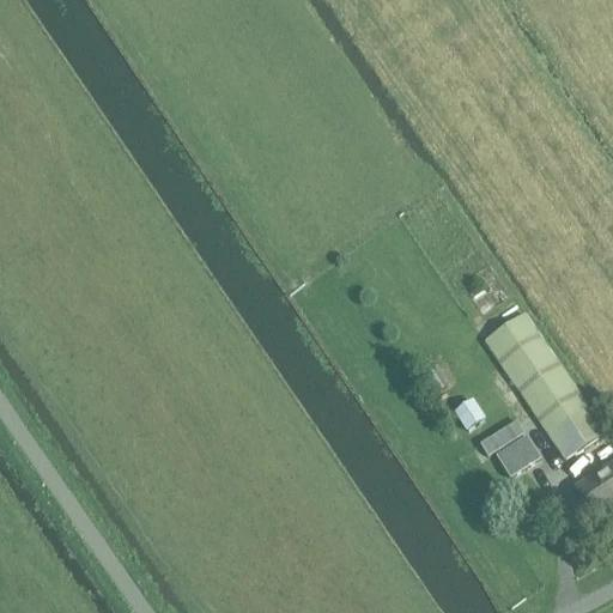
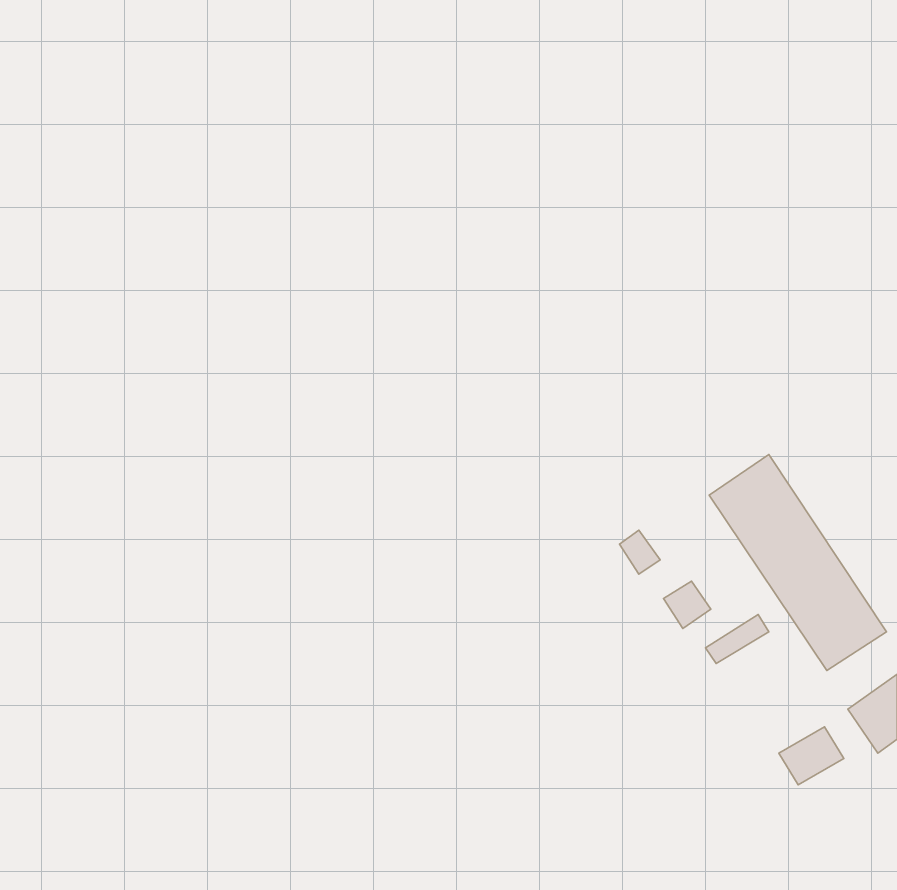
building: [497,437,541,477] -> [779,727,844,785]

